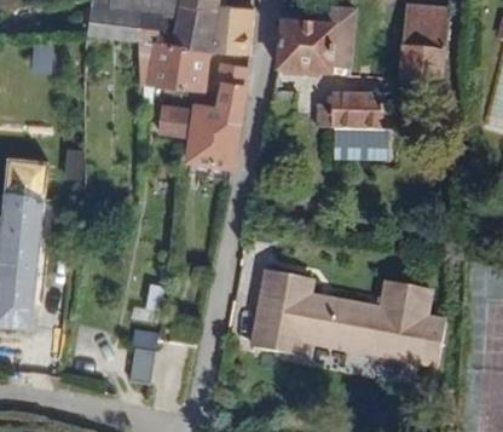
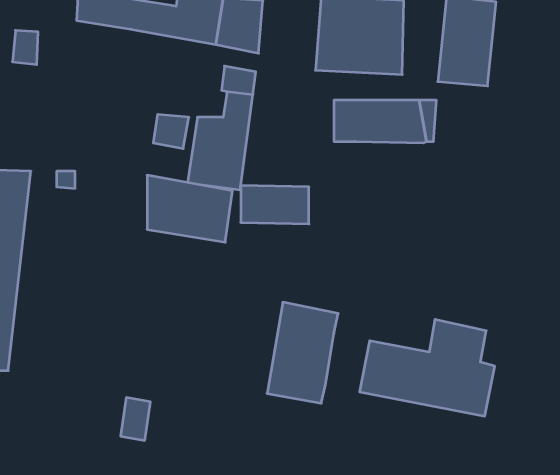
building: [135,35,208,92] -> [147,175,232,242]
building: [326,131,385,163] -> [241,185,309,224]
building: [301,294,339,344] -> none

